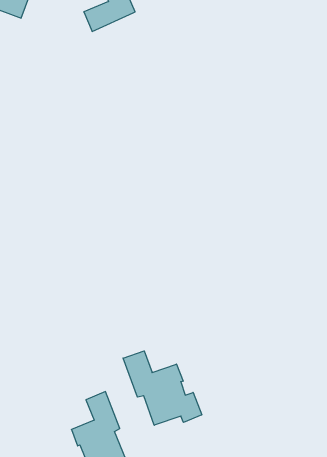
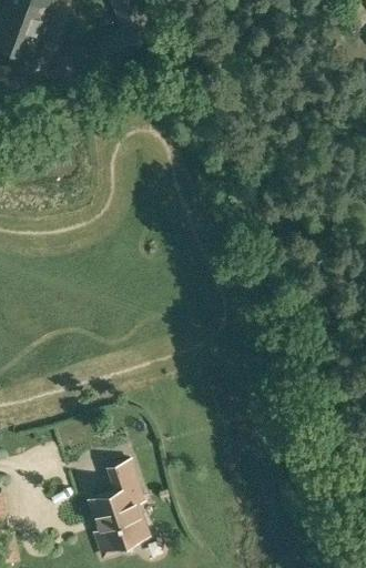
building: [123,351,202,425] -> none

